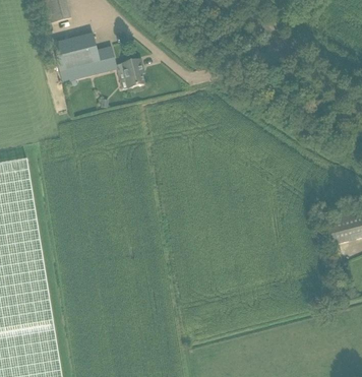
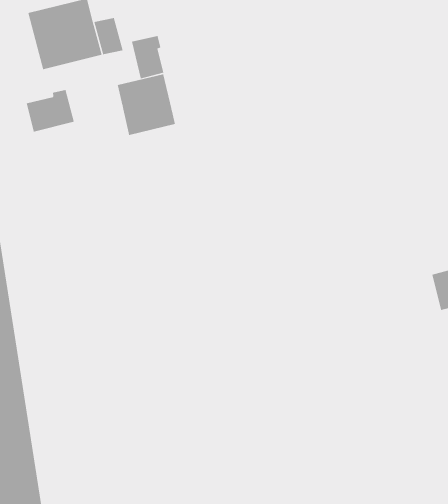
building: none -> [117,73,175,136]
building: none -> [26,89,75,133]

